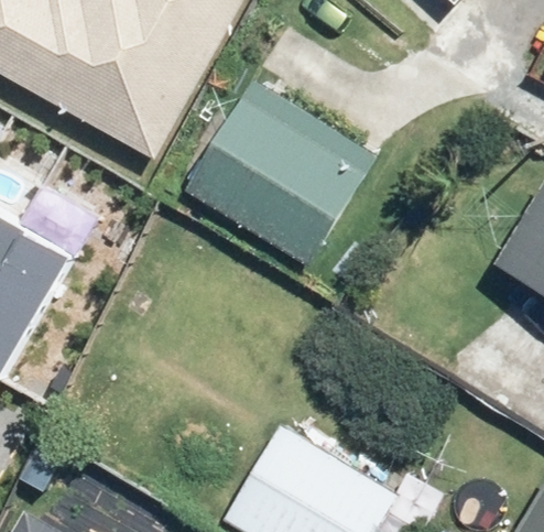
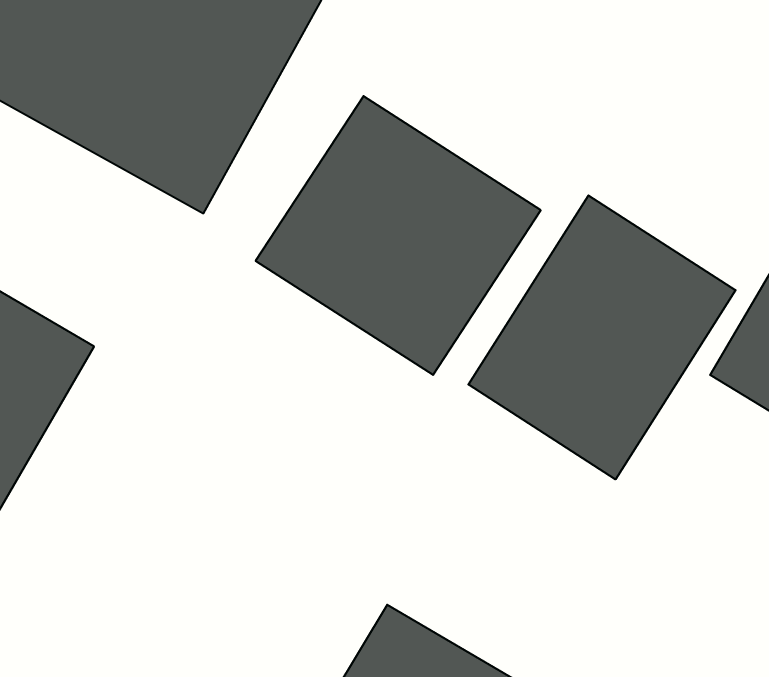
building: none -> [468,195,736,479]

